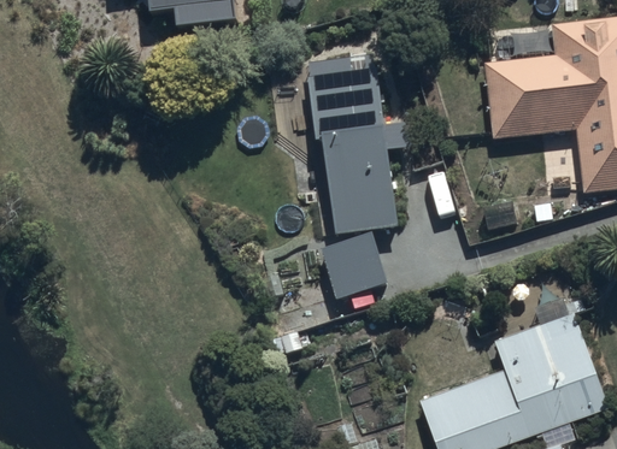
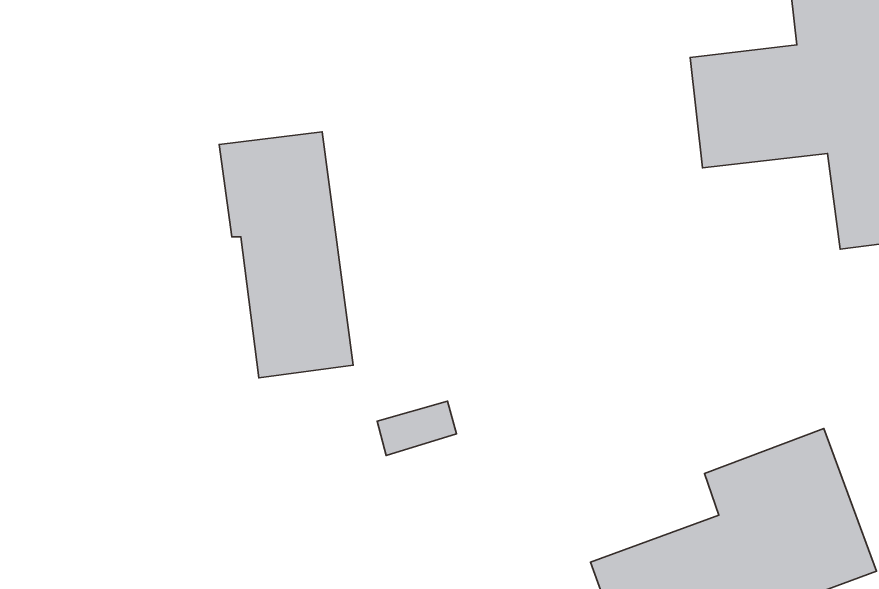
building: [307,72,396,236] -> [219,132,353,378]
building: [323,236,386,299] -> none

